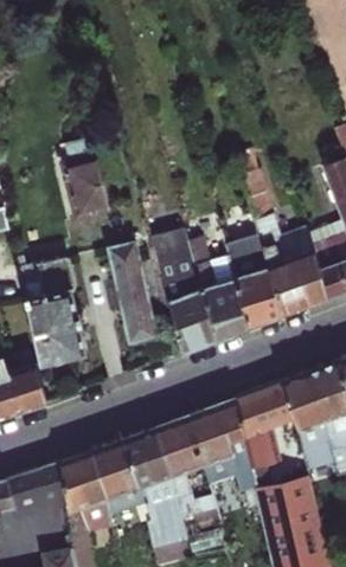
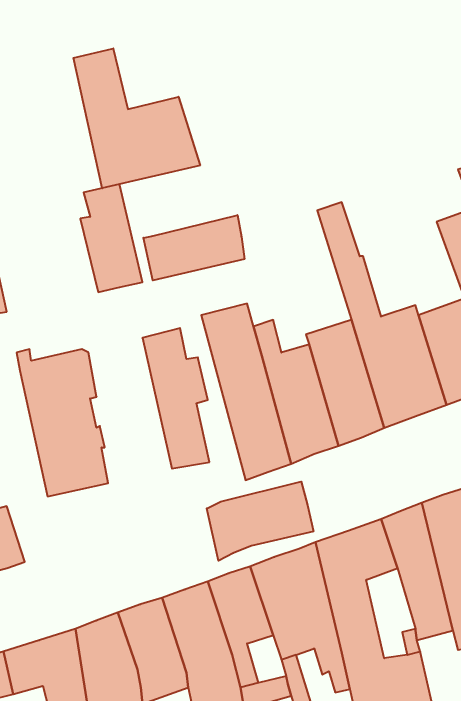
building: none -> [73,48,200,188]
building: none -> [143,215,244,280]
building: none -> [207,482,313,561]
building: [11,363,49,412] -> none

